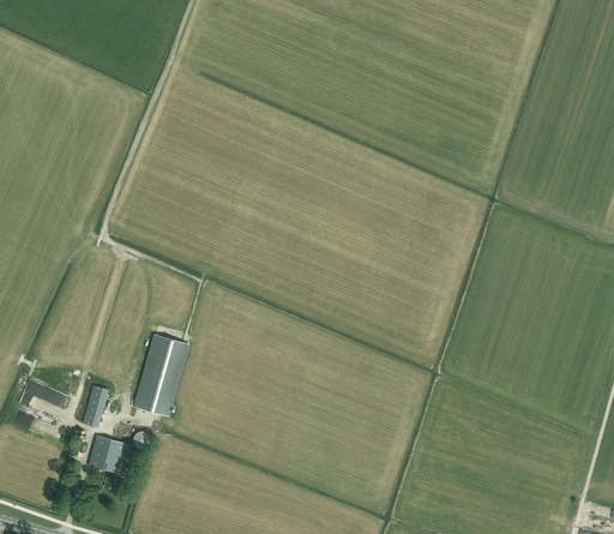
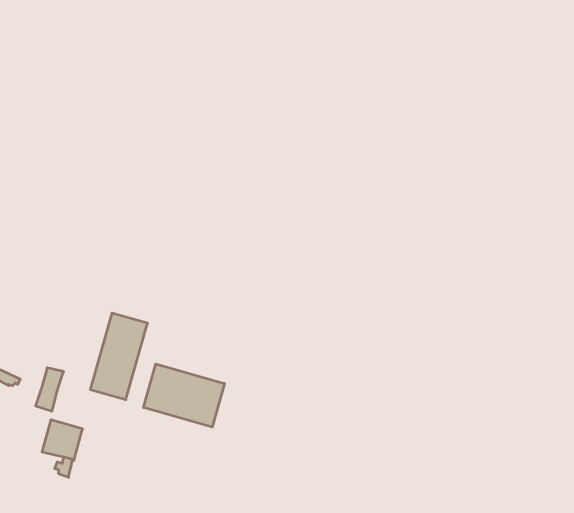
building: none -> [144,364,224,427]

